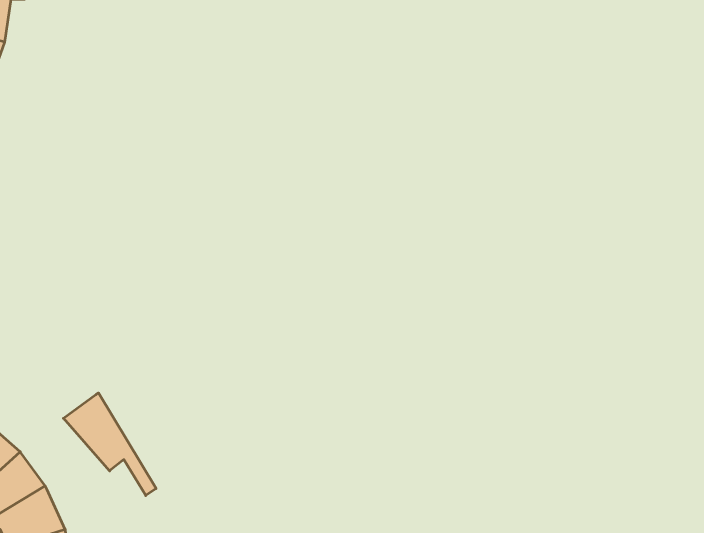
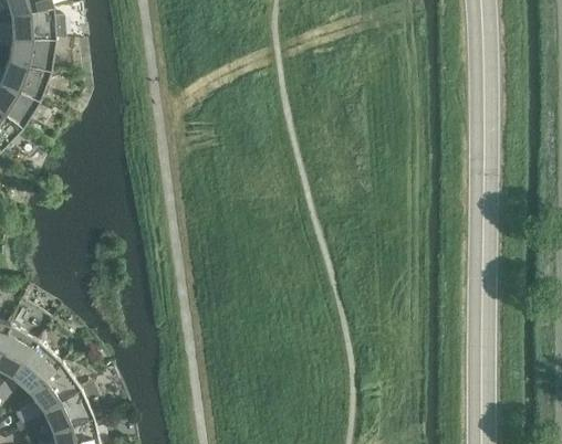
building: [63,393,156,496] -> none

